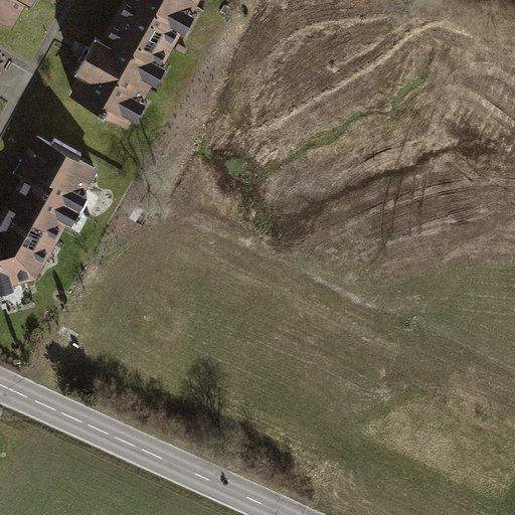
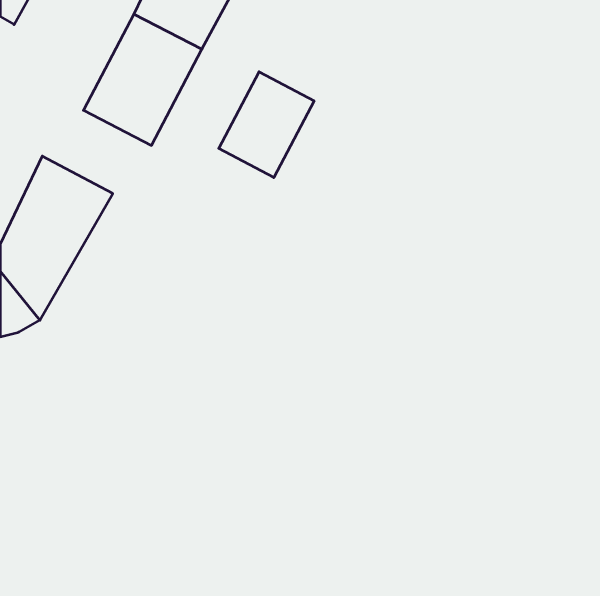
building: none -> [219,72,314,178]

